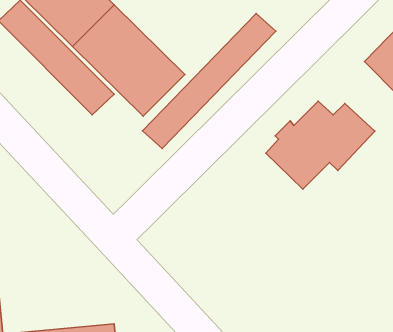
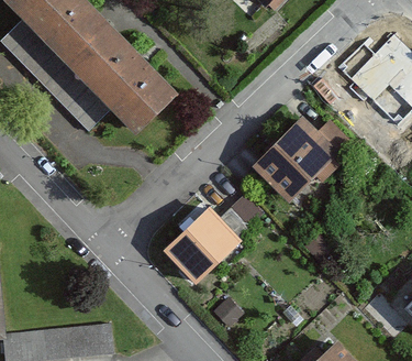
building: [143,13,276,148] -> none
building: none -> [163,207,247,282]

